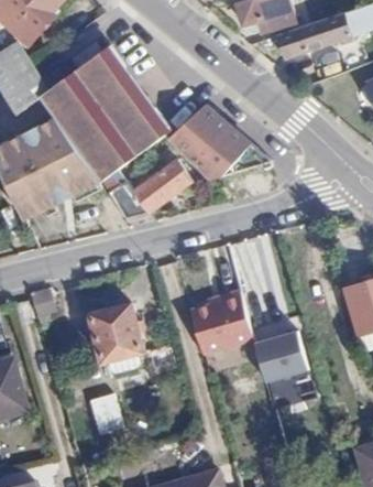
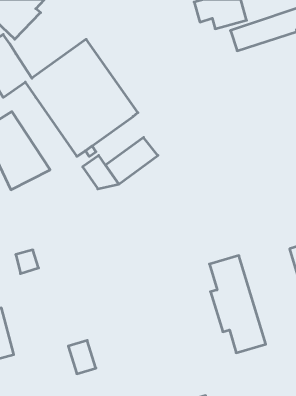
building: [168,106,270,181] -> none
building: [24,113,99,197] -> none
building: [189,291,251,351] -> none
building: [89,302,144,371] -> none

